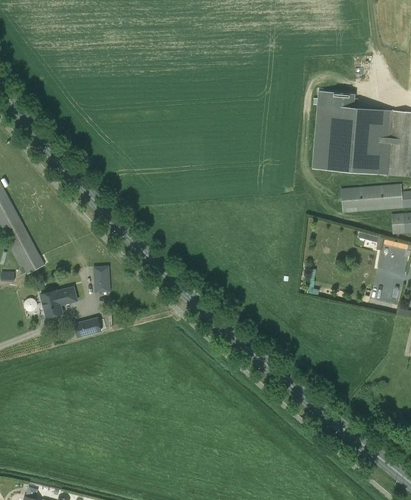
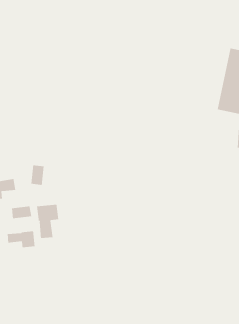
building: none -> [37,204,59,239]
building: none -> [7,230,35,248]

